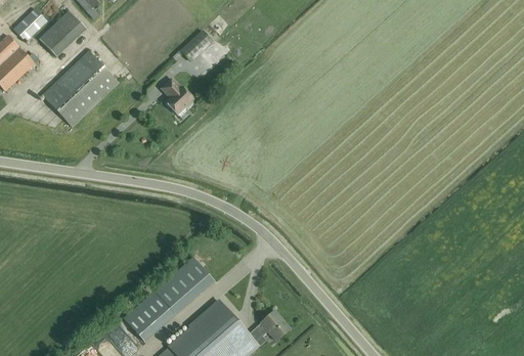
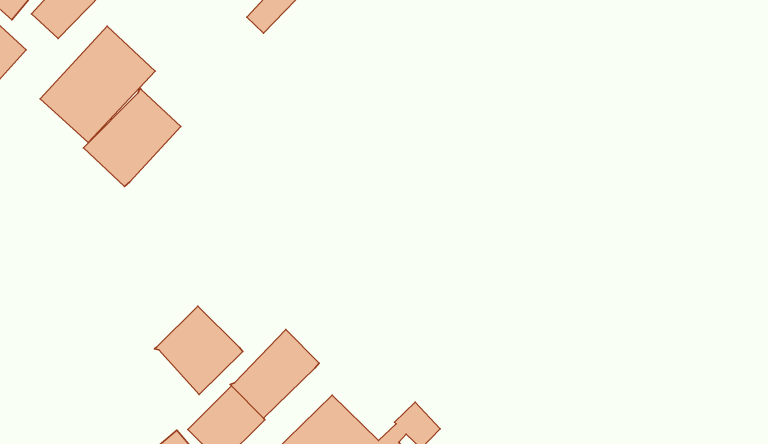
building: [161,78,193,115] -> none
building: none -> [83,88,181,187]
building: none -> [155,306,243,394]

